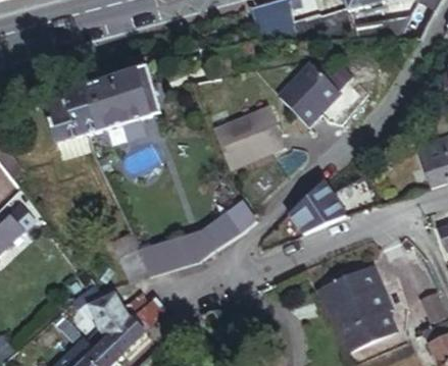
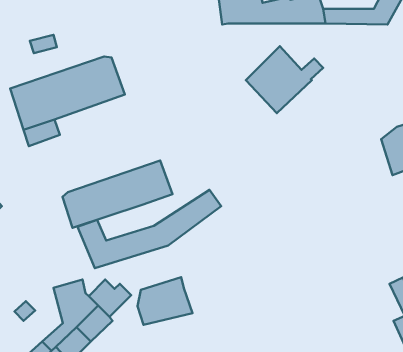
building: [214,108,285,168] -> none
building: none -> [63,161,172,228]
building: [289,178,342,230] -> none
building: [316,262,396,351] -> none
building: none -> [138,277,192,325]

